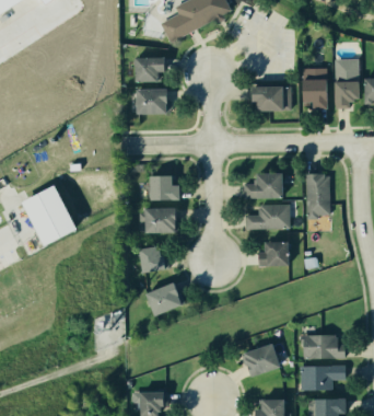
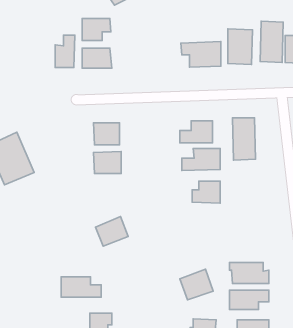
building: none -> [55,35,75,68]
building: [140,246,168,273] -> none
building: none -> [61,277,101,297]

